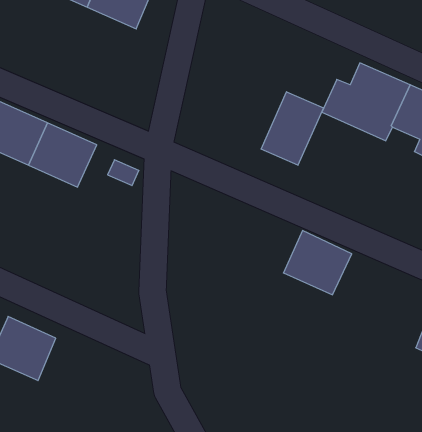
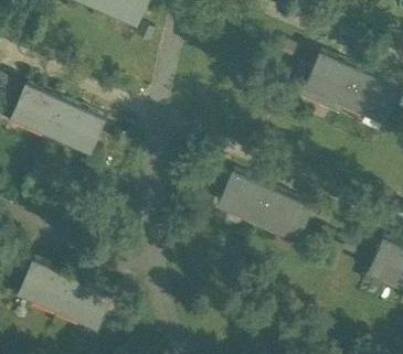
building: [261,92,324,165] -> none
building: none -> [216,171,272,223]
building: none -> [57,276,112,328]

